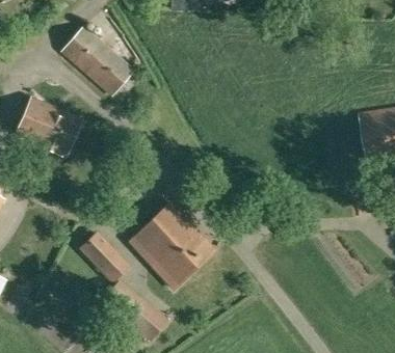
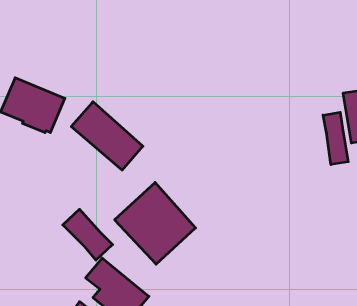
building: [60,26,132,94] -> [71,102,143,170]
building: none -> [323,112,348,165]

